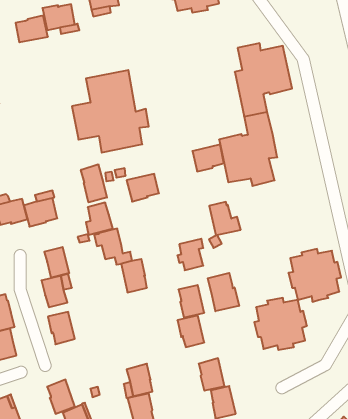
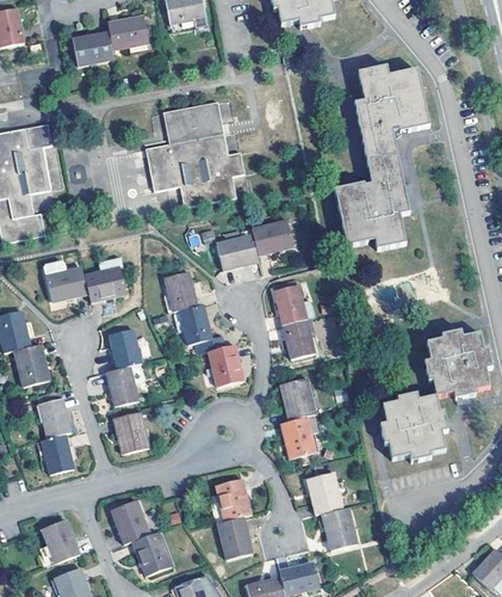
building: [192,145,224,171] -> [252,220,292,254]
building: [81,164,107,202] -> none
building: [209,202,241,235] -> [274,281,315,324]
building: [208,273,239,311] -> none

